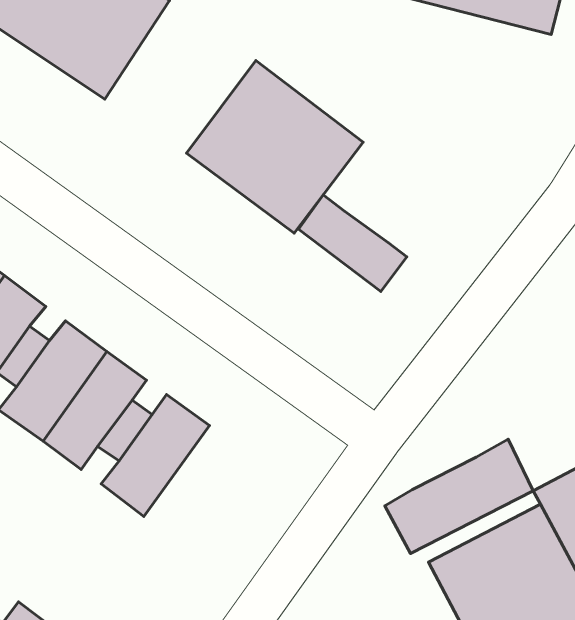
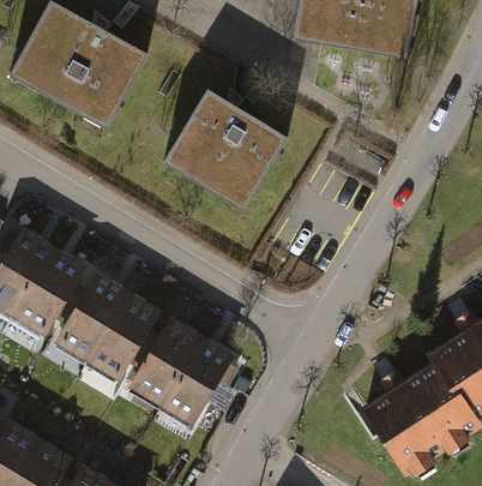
building: [299,195,407,292] -> none
building: none -> [163,338,230,421]
building: [385,439,533,554] -> none

